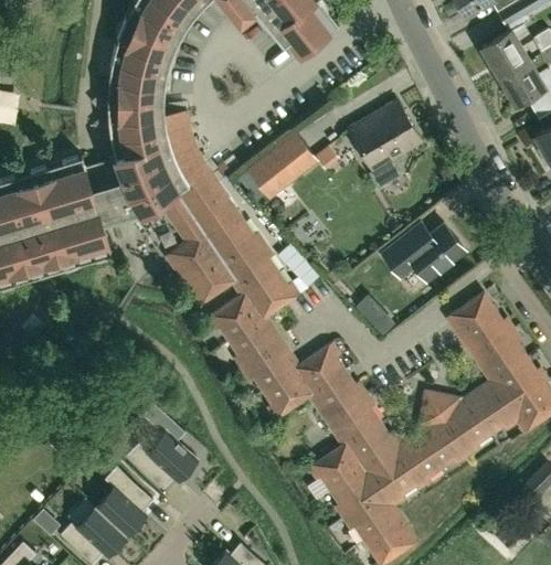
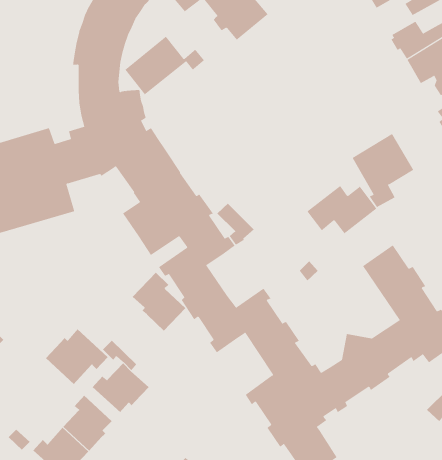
building: [349,99,422,186] -> [352,133,414,208]
building: [246,129,340,199] -> [125,36,205,95]
building: none -> [132,272,186,331]
building: none -> [45,329,109,385]

